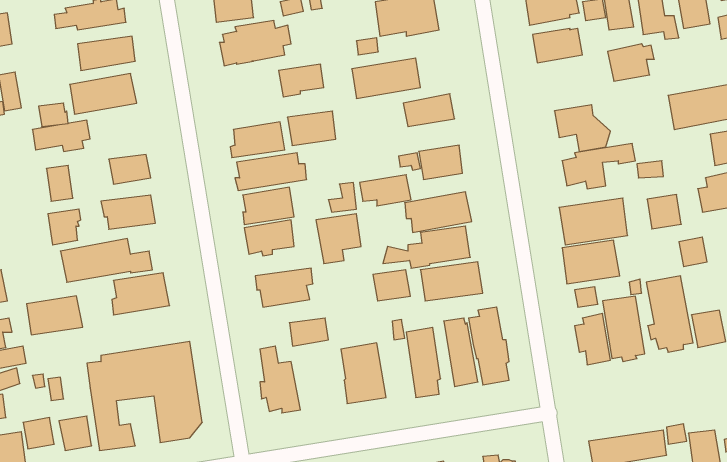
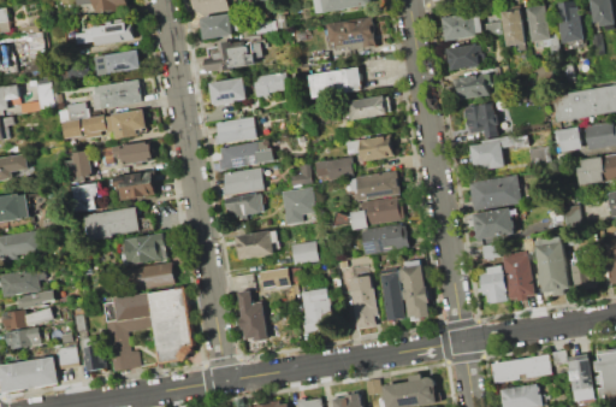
building: [608,44,654,81] -> [456,71,492,100]
building: [287,111,336,145] -> [209,77,247,104]
building: none -> [107,108,146,138]
building: [647,195,681,229] -> [556,125,582,152]
building: [373,270,410,301] -> [289,240,318,264]
building: [27,296,83,335] -> [132,261,176,291]

